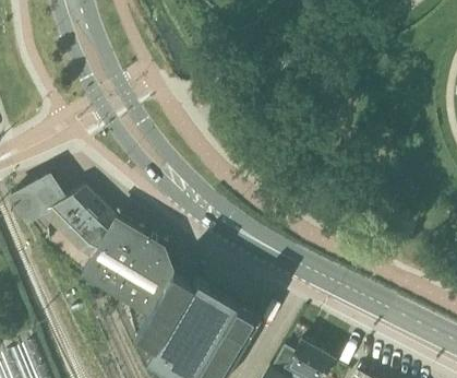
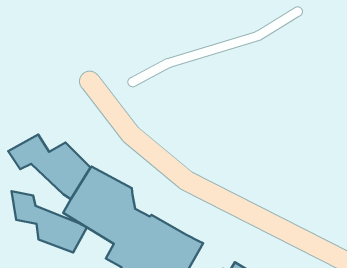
building: none -> [12,191,87,252]

